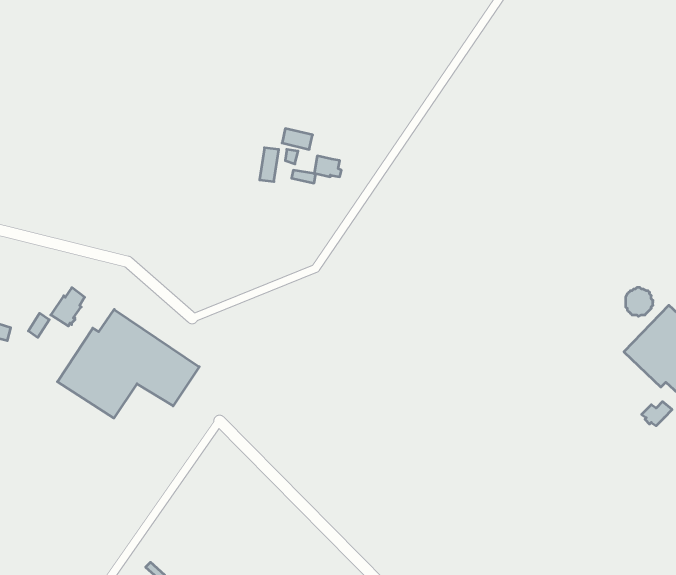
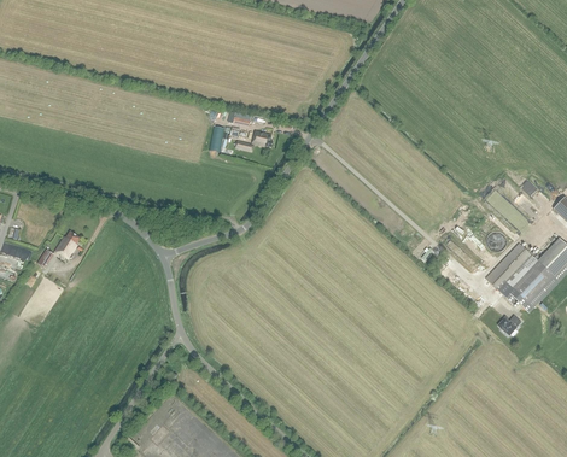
building: [57,309,199,418] -> none

